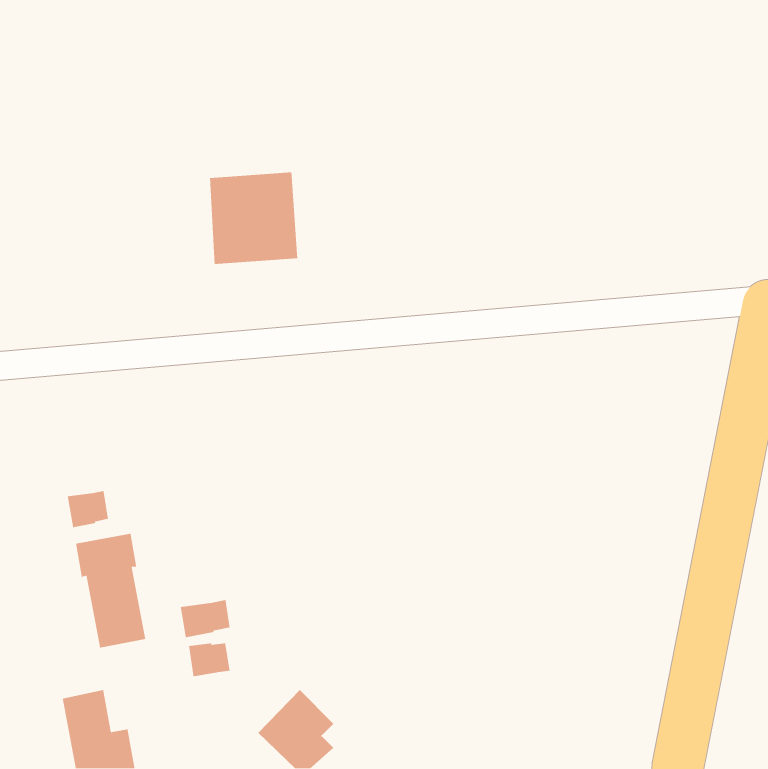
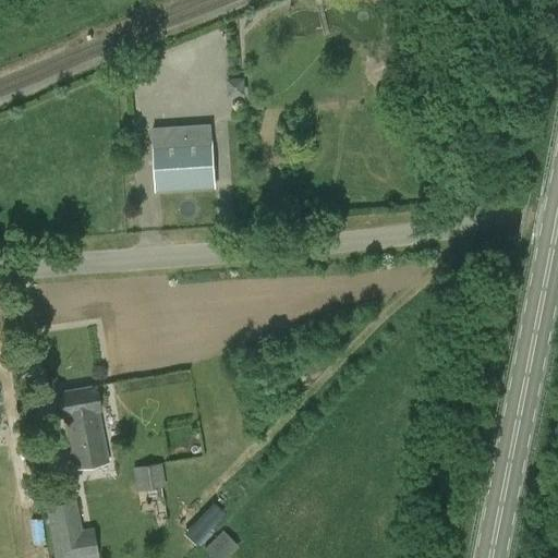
building: [67,490,109,528] -> none
building: [180,599,231,638] -> none

